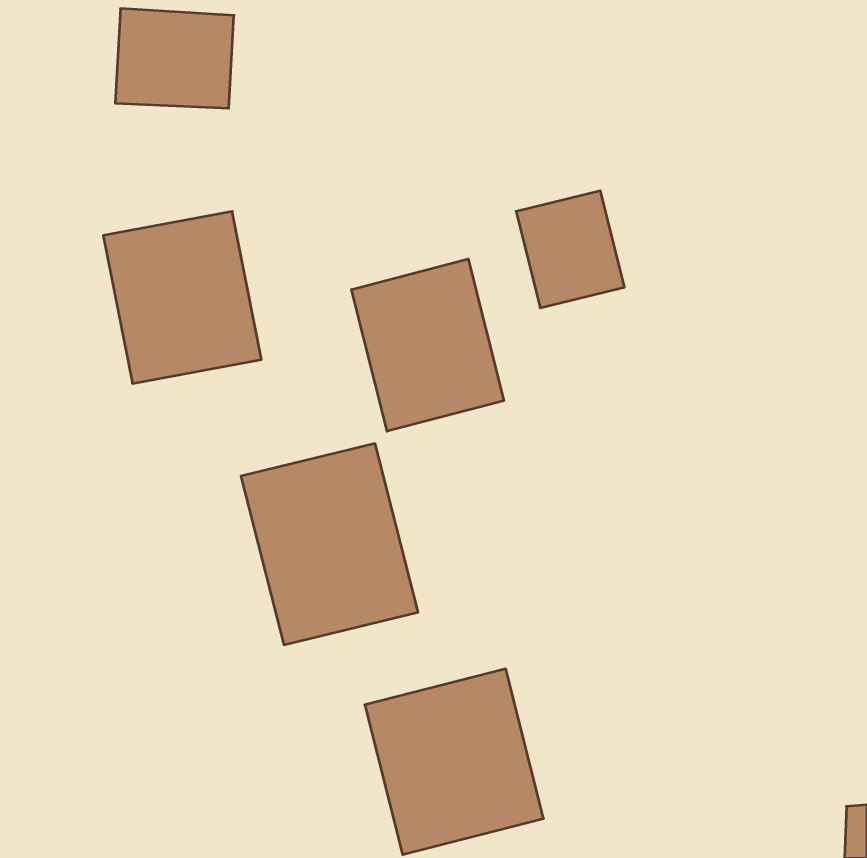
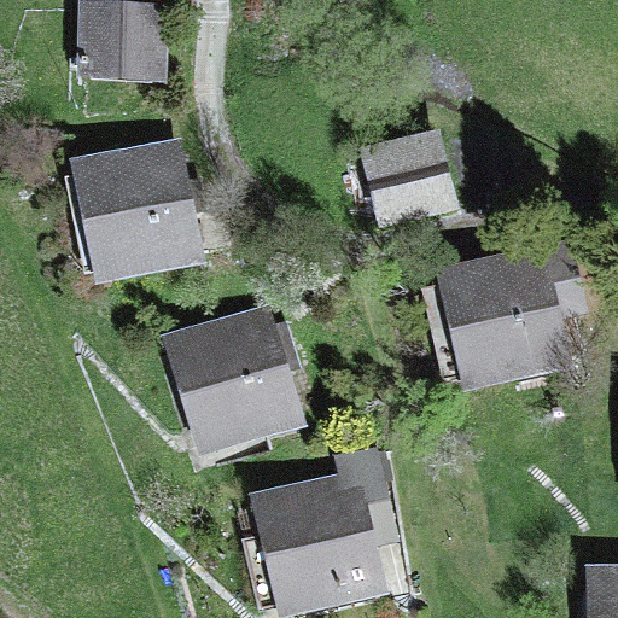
building: [352,259,504,431] -> none
building: none -> [449,249,584,380]

